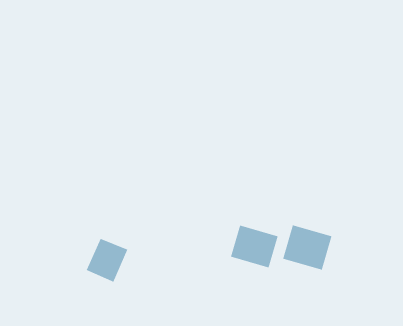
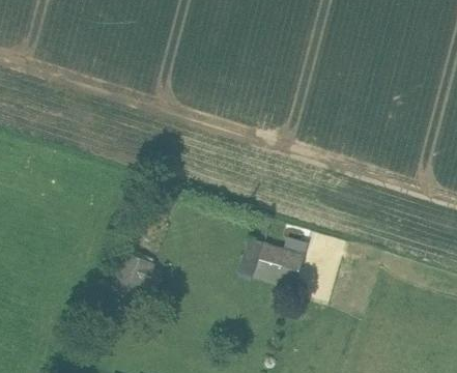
building: [282,224,332,271] -> none

